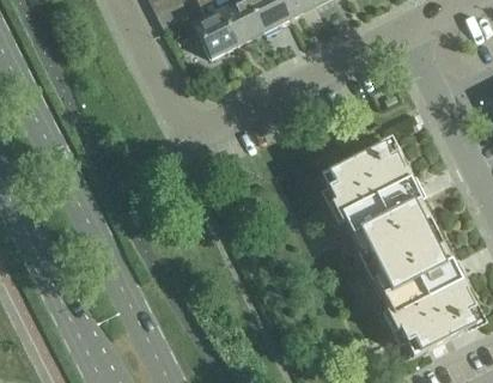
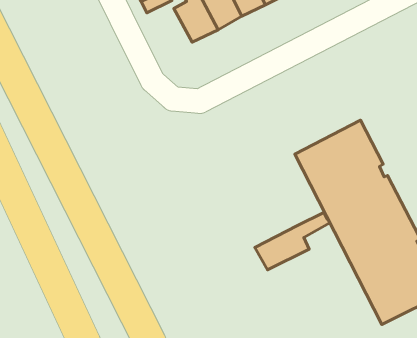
building: none -> [255,212,330,270]

